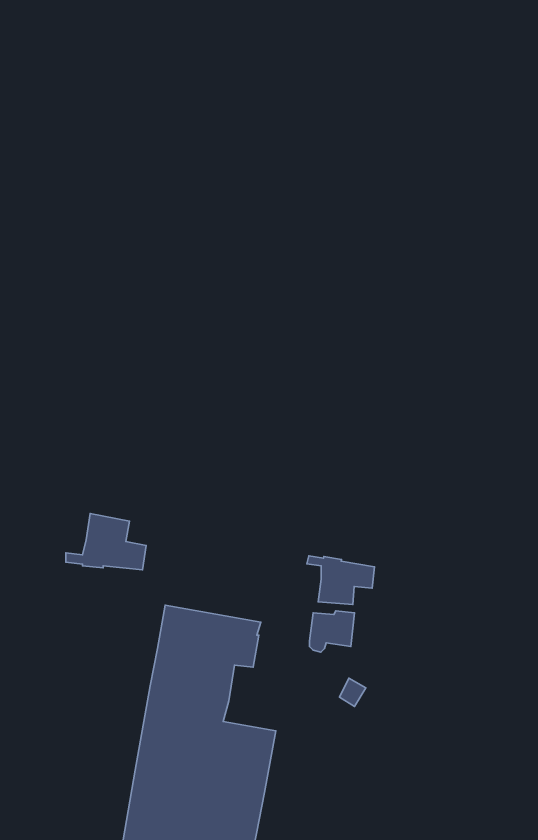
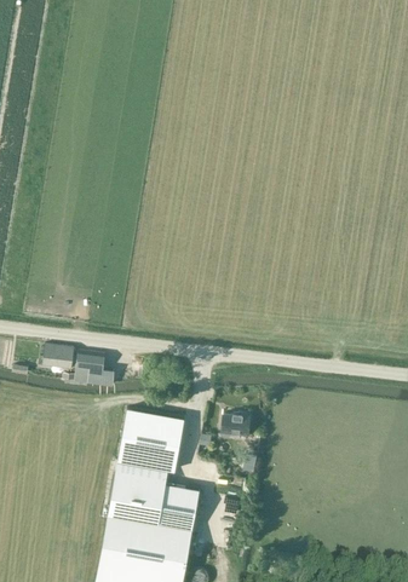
building: none -> [42,344,74,368]
building: [307,556,375,605] -> none

